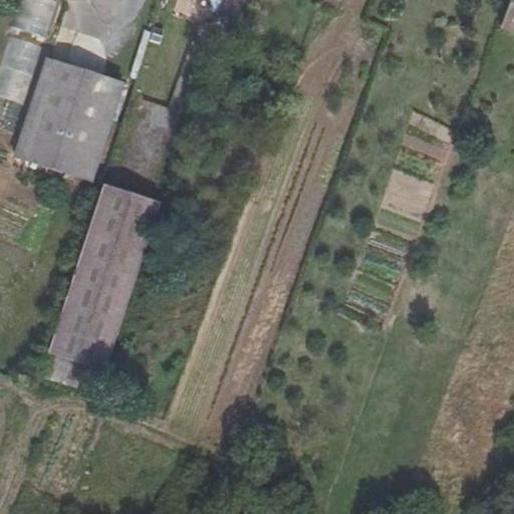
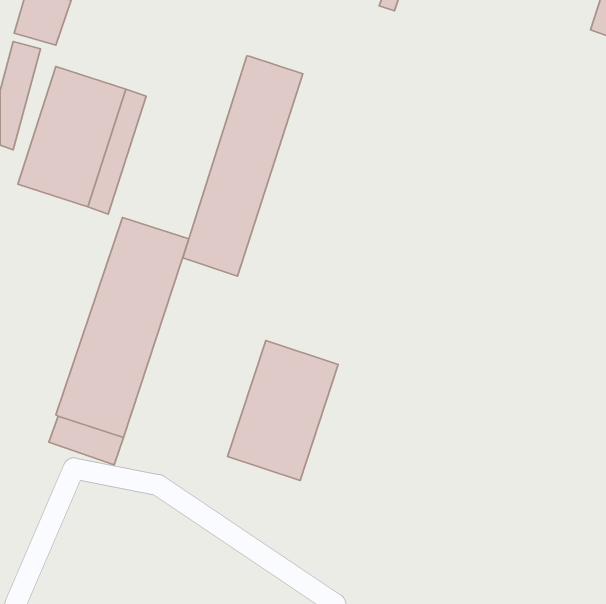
building: none -> [183,56,303,276]
building: none -> [228,340,338,480]

